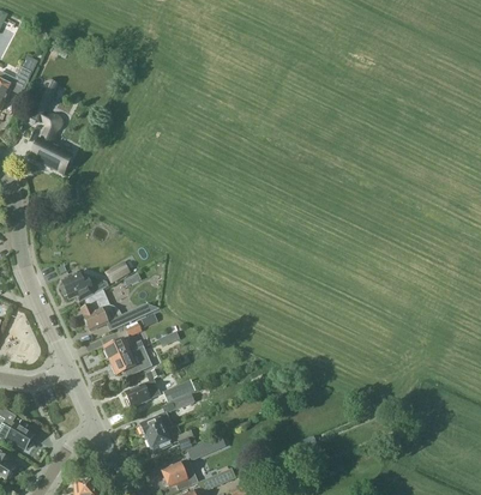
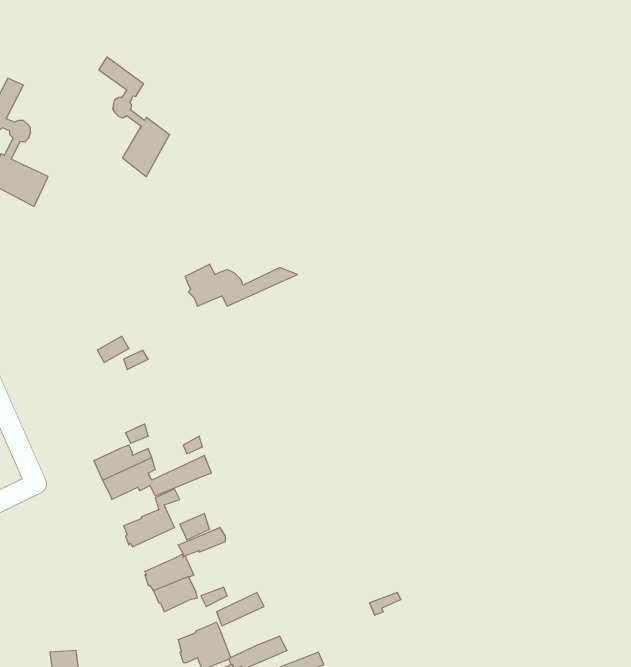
building: none -> [99,57,170,177]
building: [61,271,107,301] -> none
building: [82,300,158,328] -> [185,264,297,306]

